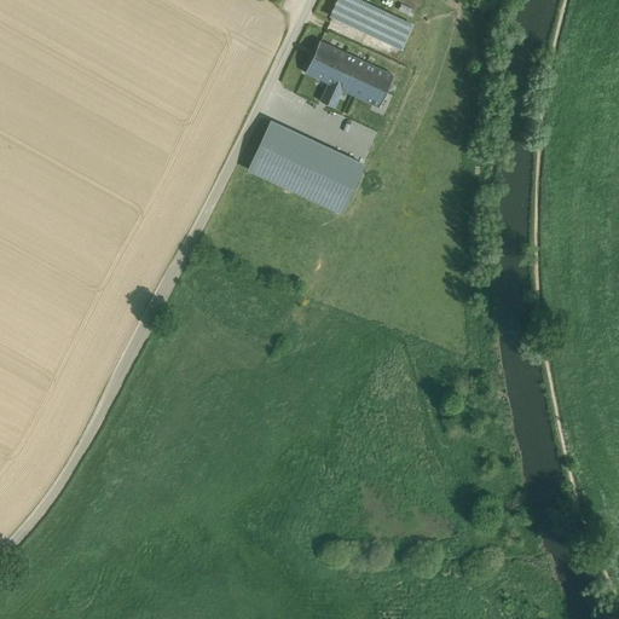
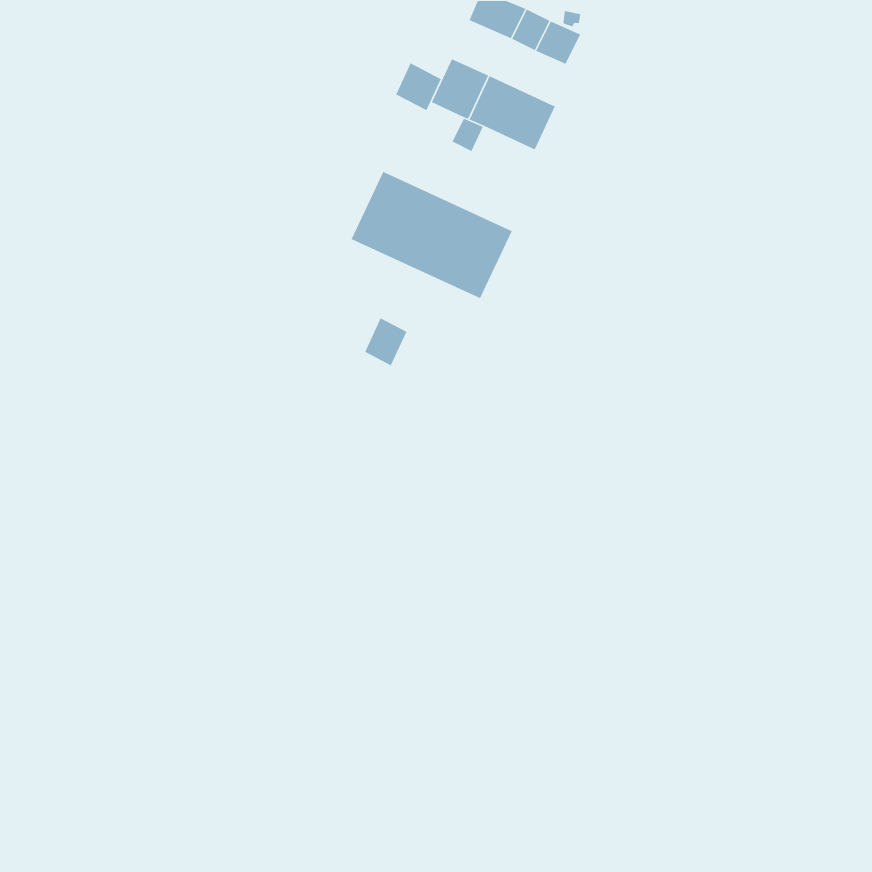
building: none -> [395,62,442,111]
building: none -> [364,317,407,367]

